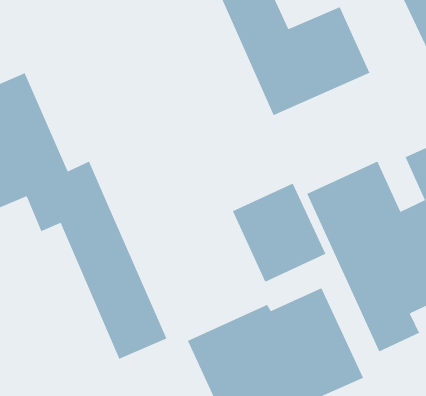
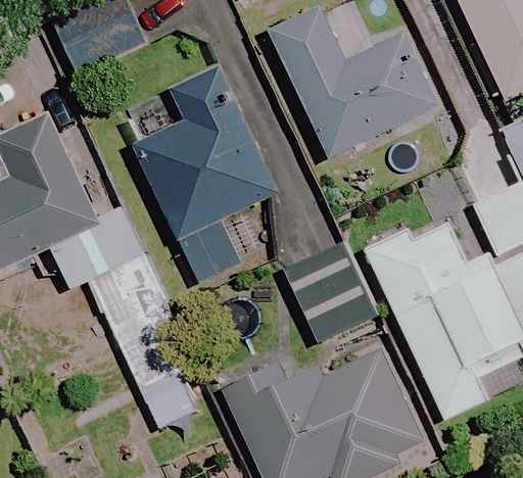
building: none -> [135,64,284,281]

